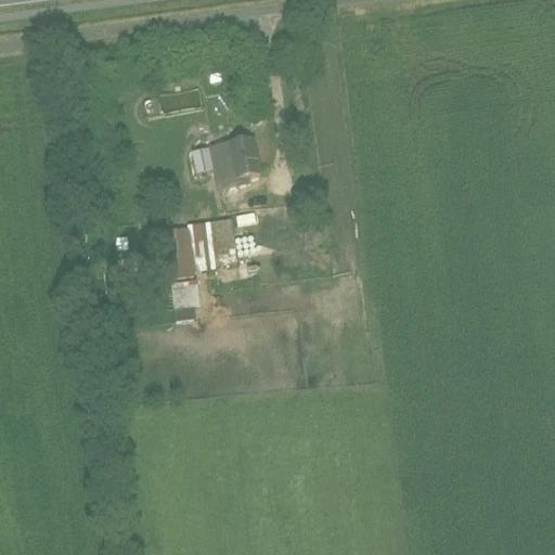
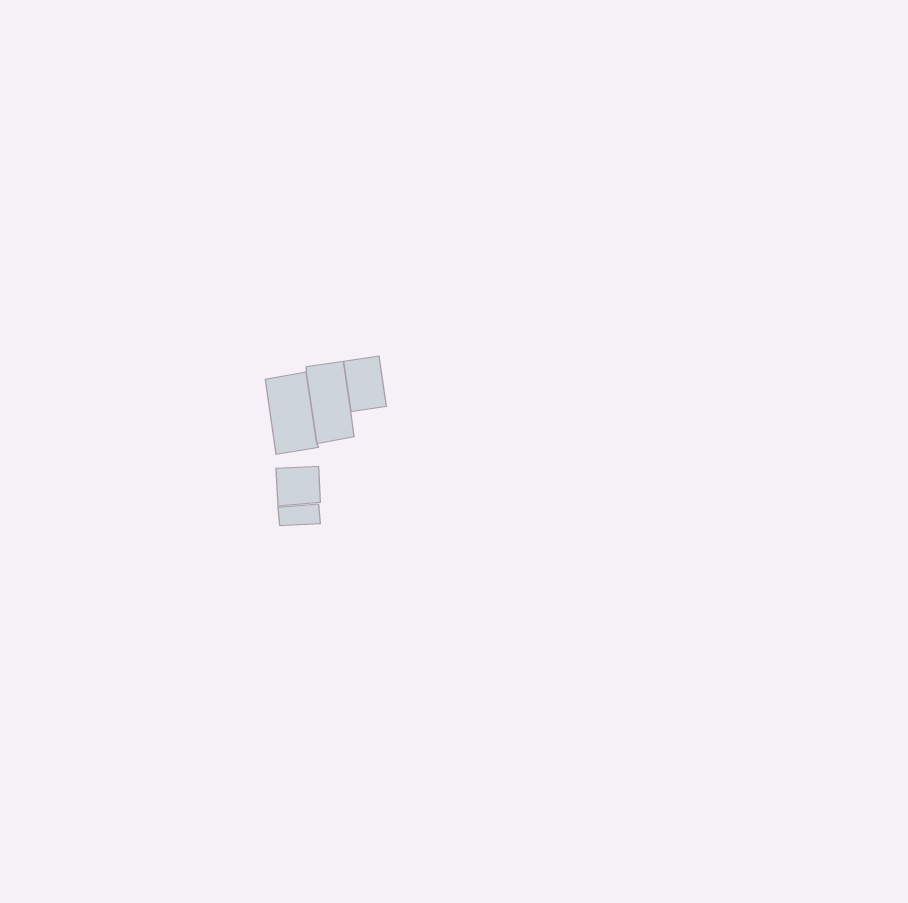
building: [209,137,261,189] -> none

